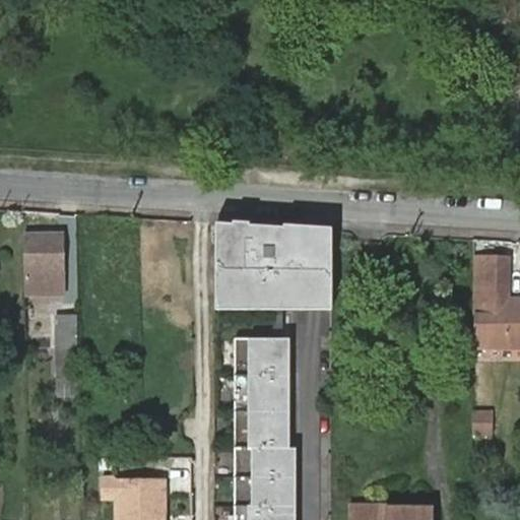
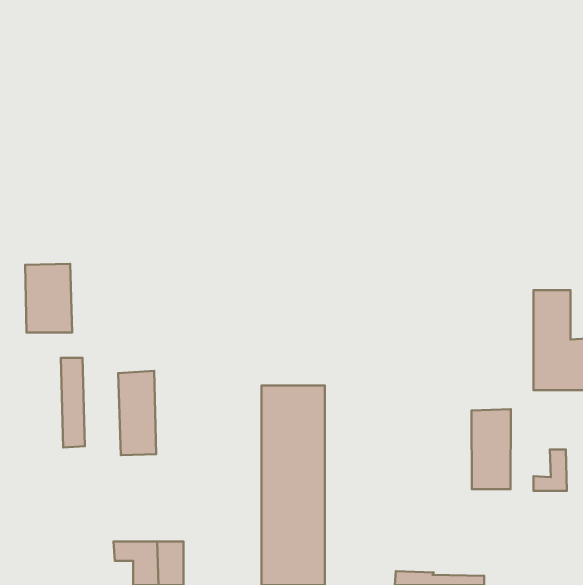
building: [214,222,333,310] -> none
building: none -> [118,371,156,455]
building: none -> [471,409,511,489]

